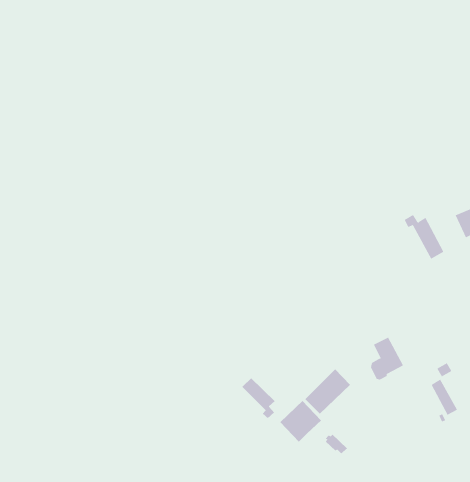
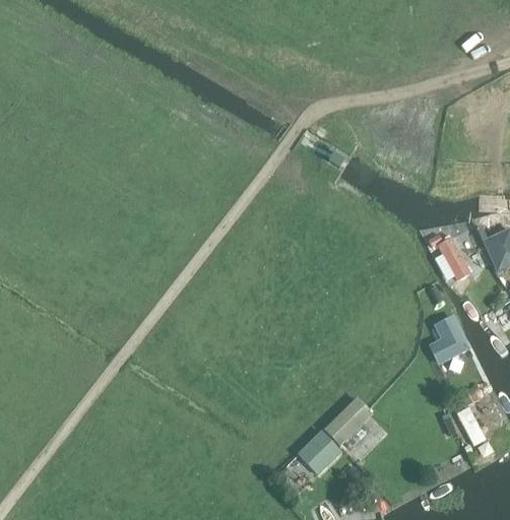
building: [370,337,404,380] -> [433,318,468,364]
building: [241,377,276,419] -> none

